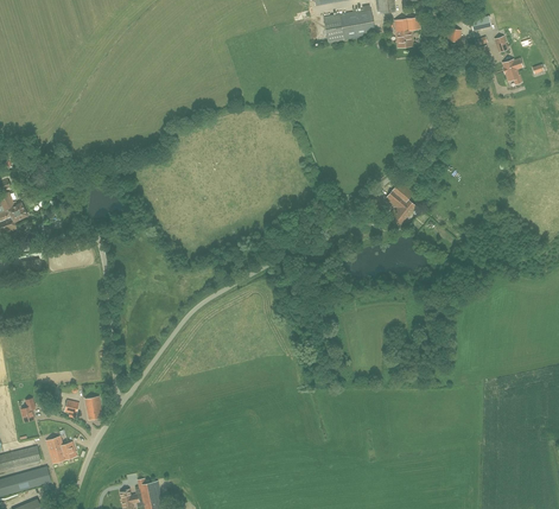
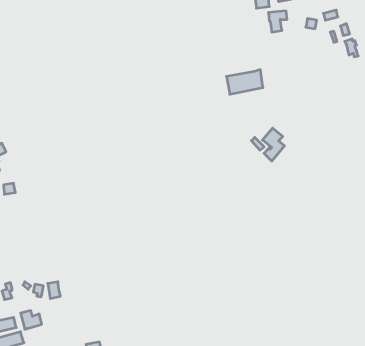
building: [323,8,374,43] -> [226,70,263,94]

